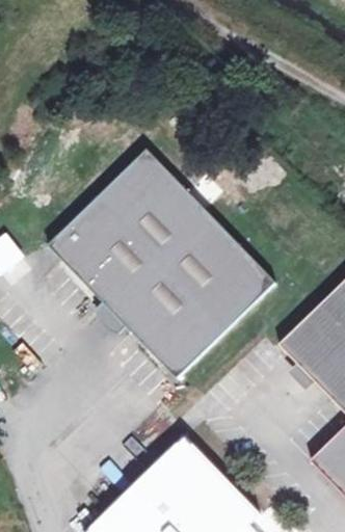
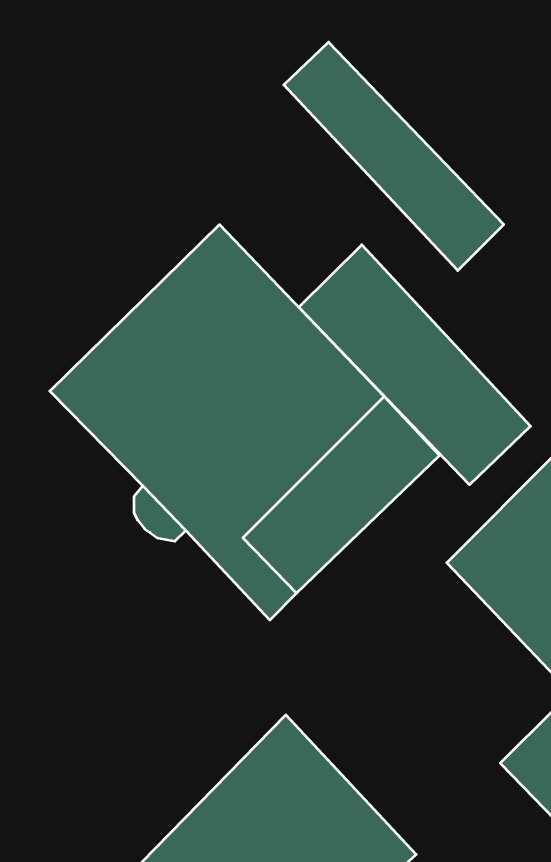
building: none -> [284,42,504,271]
building: none -> [299,245,531,485]

